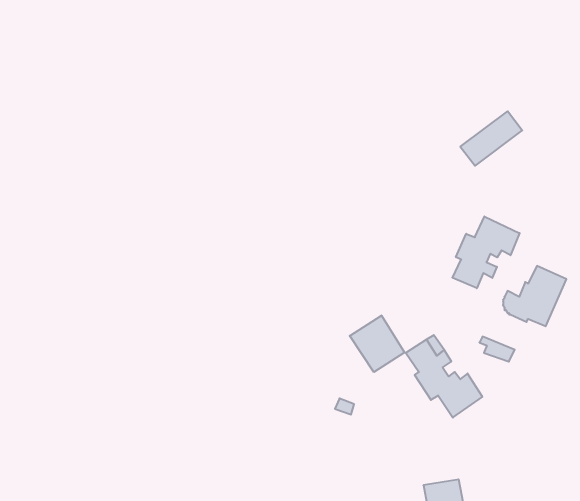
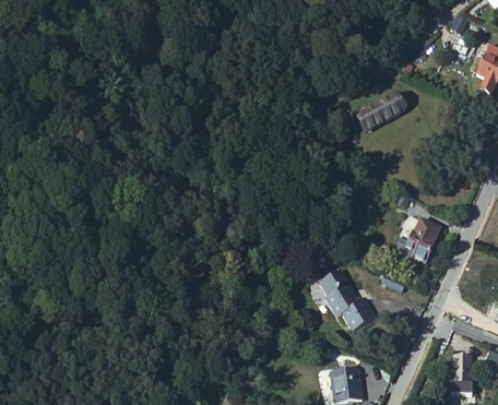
building: [452,216,520,288] -> none
building: [350,315,405,372] -> none

